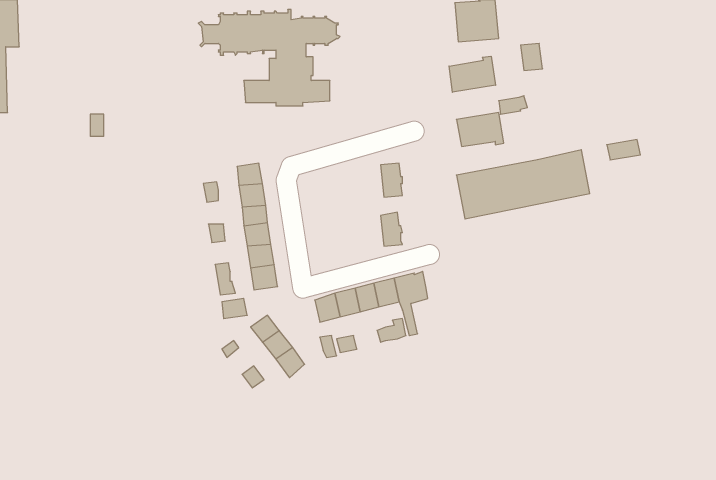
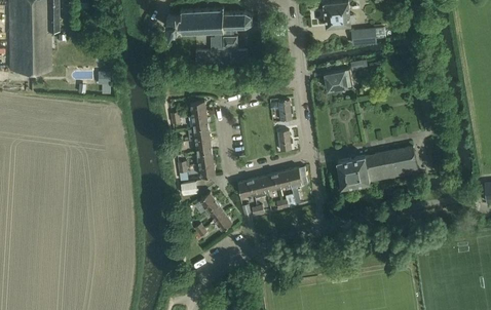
building: [449,56,496,92] -> none
building: [456,150,590,219] -> [336,146,417,188]

